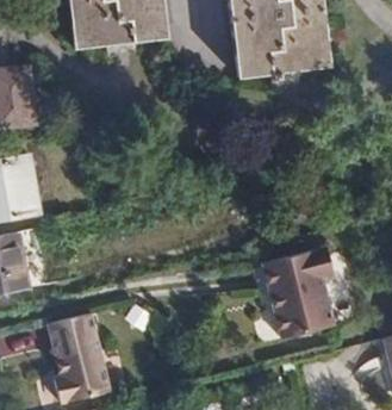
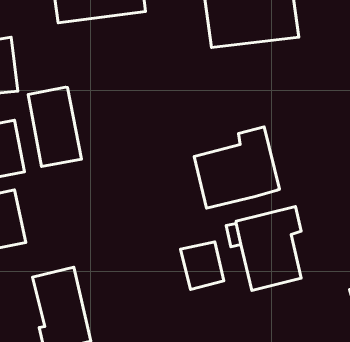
building: none -> [28,87,82,167]
building: none -> [194,127,279,208]
building: none -> [181,242,224,290]

